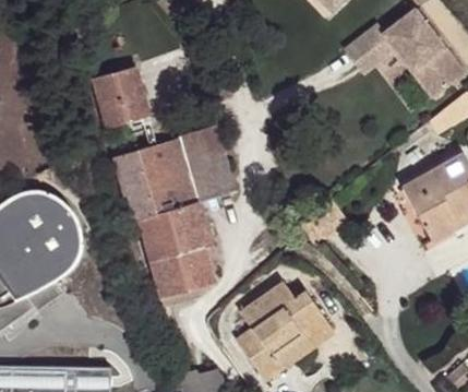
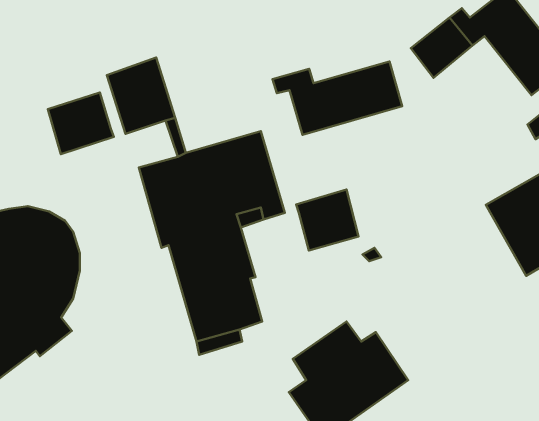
building: none -> [273,62,402,135]
building: none -> [48,93,114,154]
building: none -> [296,190,359,250]

